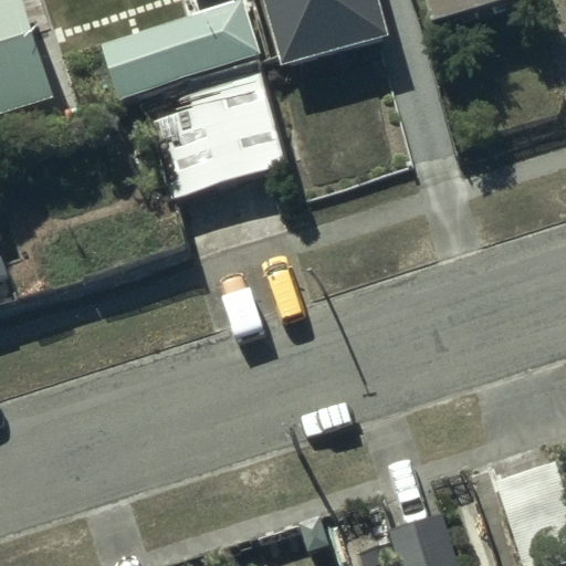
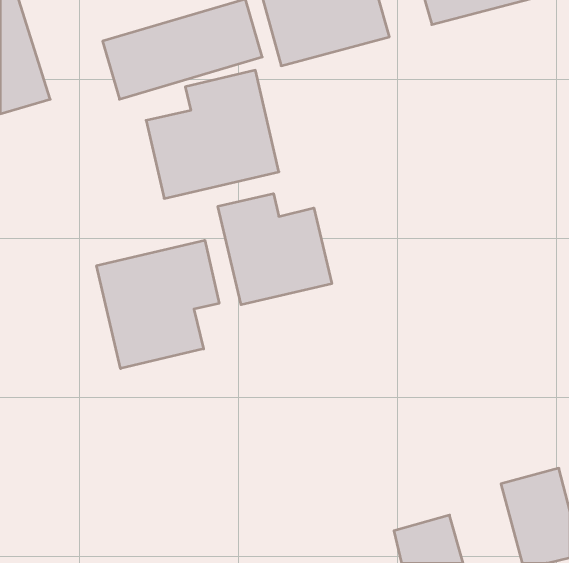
building: none -> [218,194,332,305]
building: none -> [97,240,219,369]

